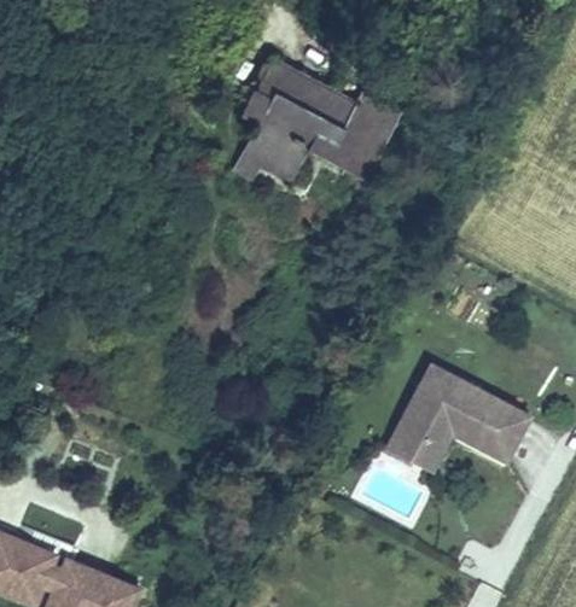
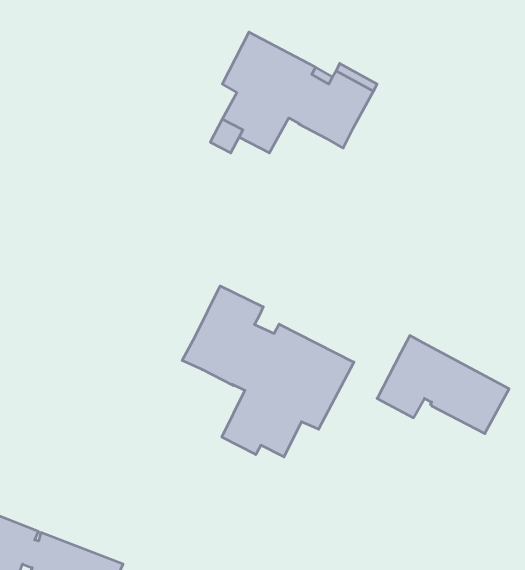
building: none -> [182,286,354,457]
building: [388,425,453,468] -> none

